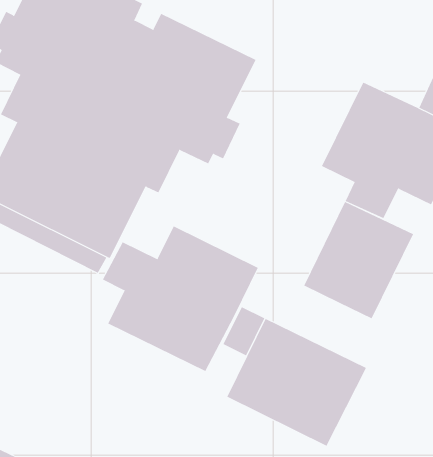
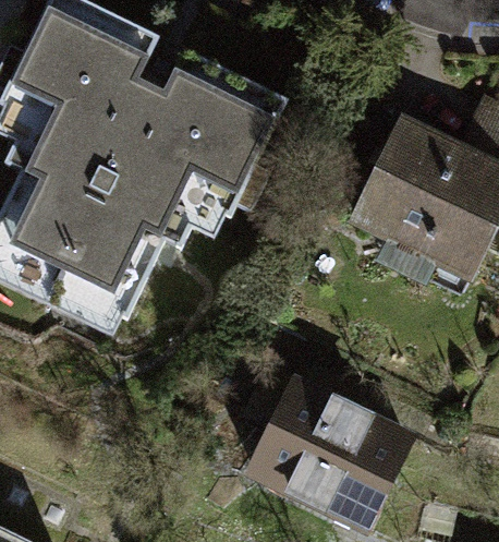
building: [304,201,414,319] -> none
building: [102,225,259,372] -> none

